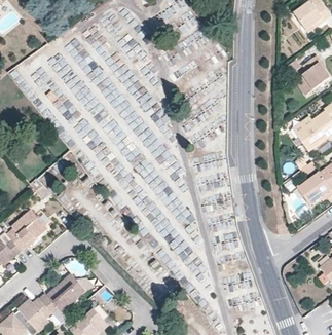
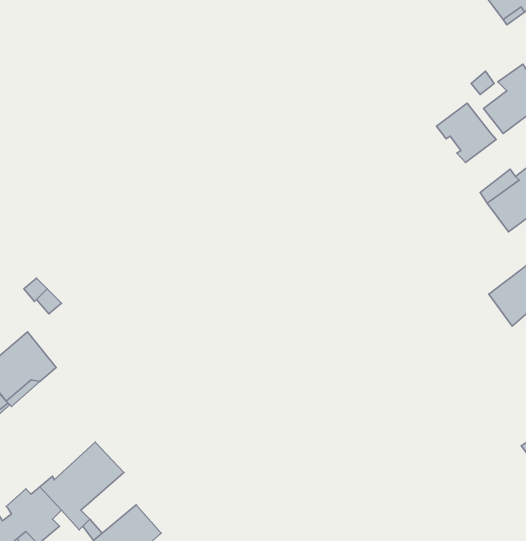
building: none -> [437,103,496,163]

